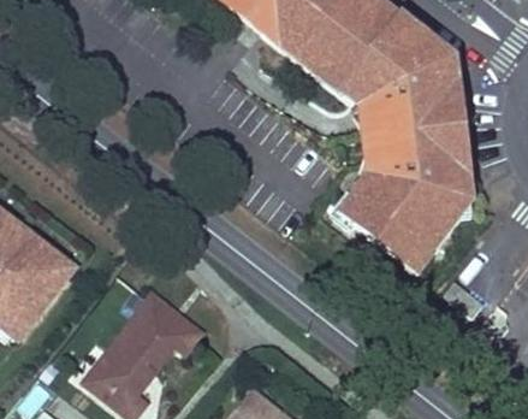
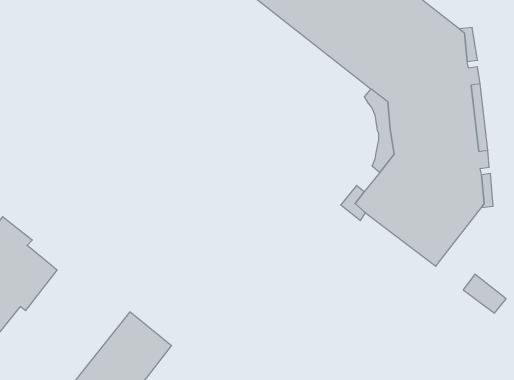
building: [136,293,201,353] -> none

